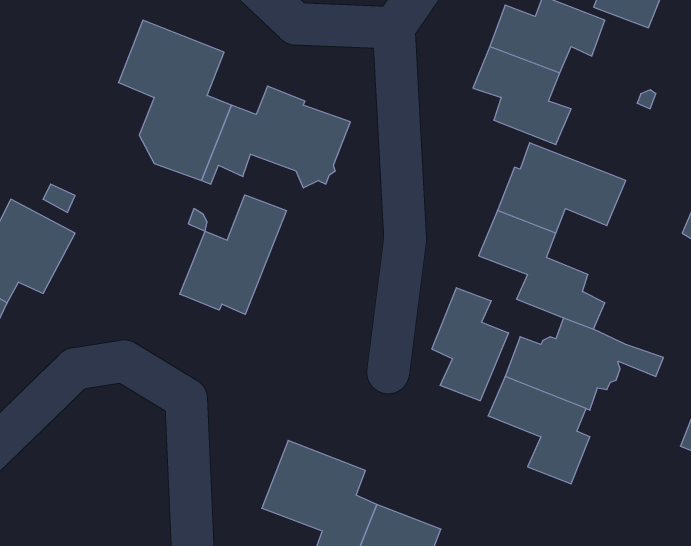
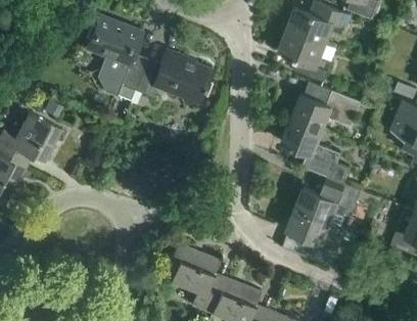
building: [180,195,287,314] -> none
building: [432,288,509,401] -> none

